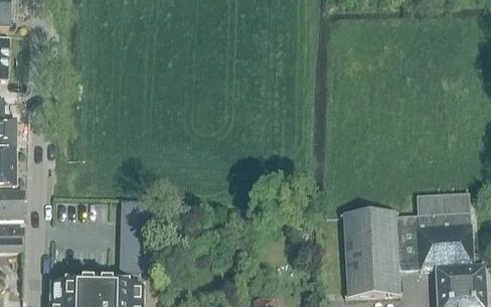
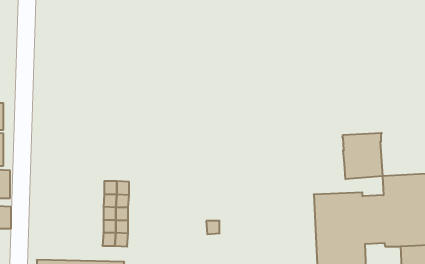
building: none -> [342,133,382,179]

